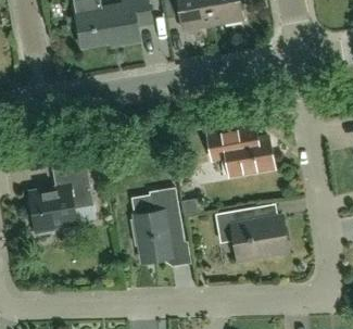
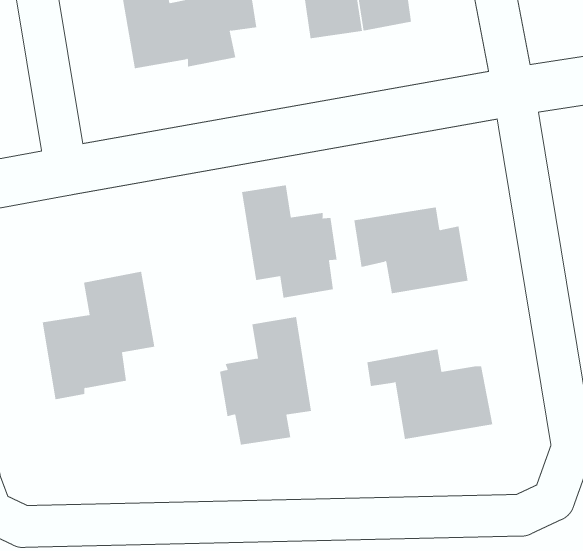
building: none -> [241,185,337,298]

